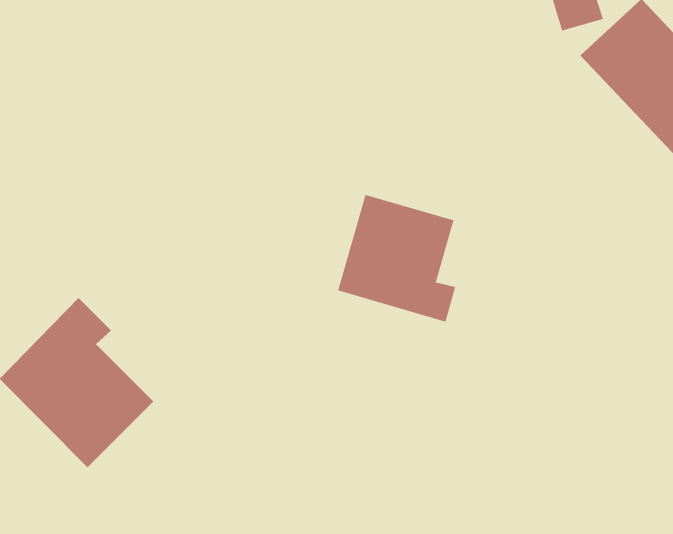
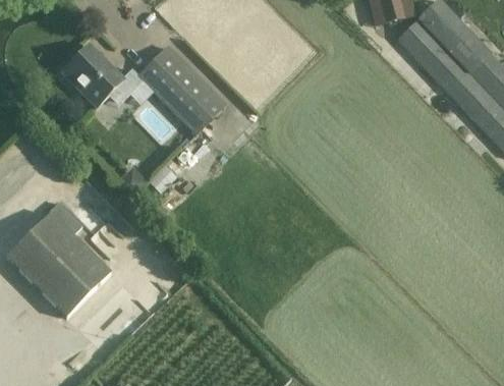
building: none -> [62,44,227,133]
building: [337,194,456,323] -> none

